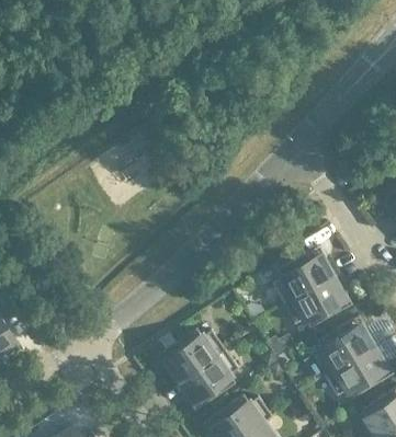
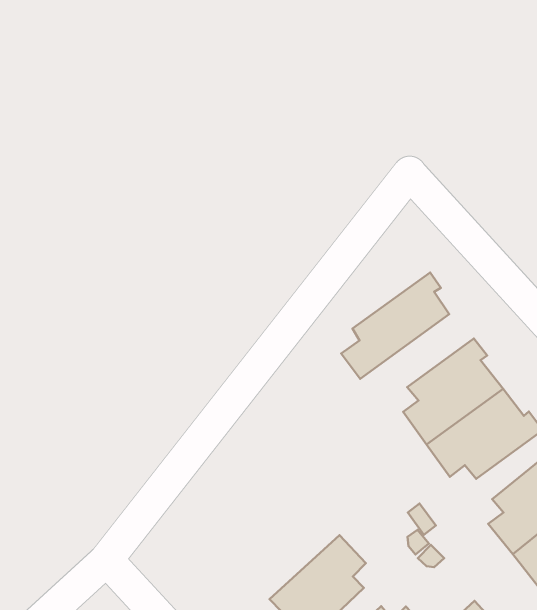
building: none -> [341,273,449,379]
building: [157,329,226,382] -> none

